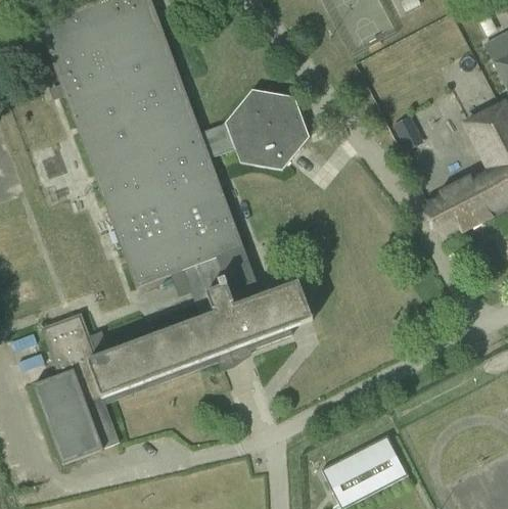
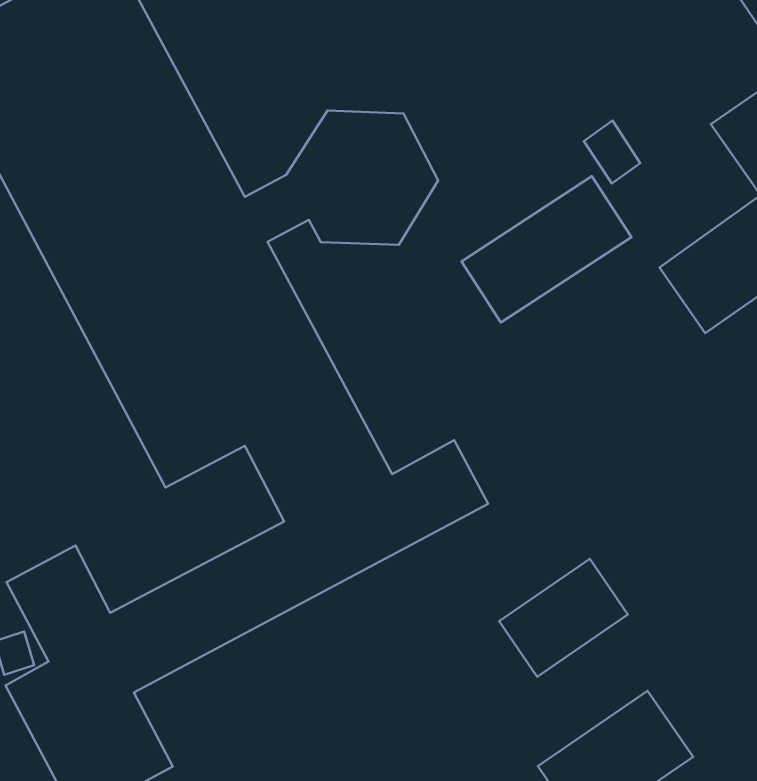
building: none -> [461,176,631,323]
building: none -> [499,559,628,677]

